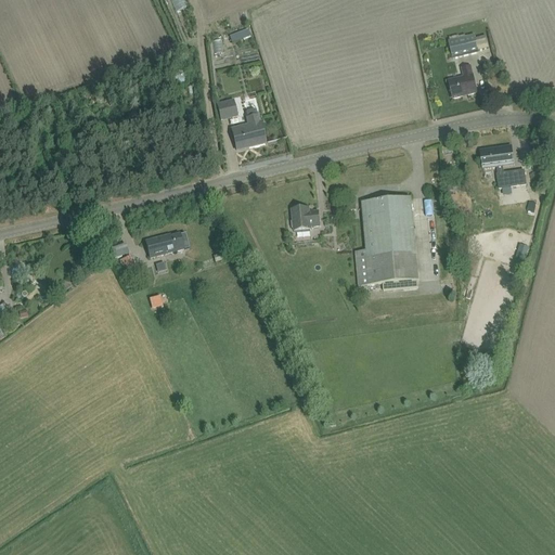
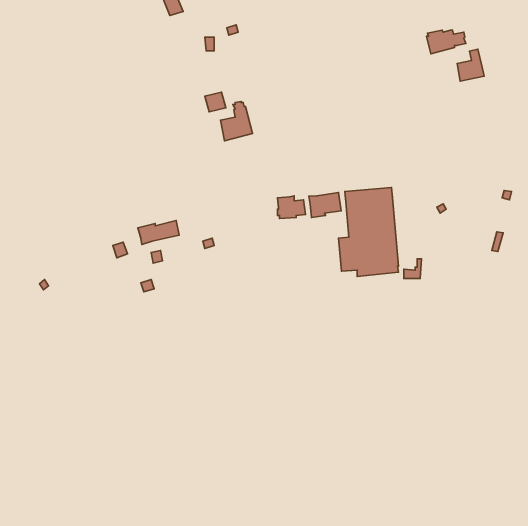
building: [448,63,476,96] -> [457,49,484,81]
building: [479,144,526,188] -> none
building: none -> [309,193,341,218]

